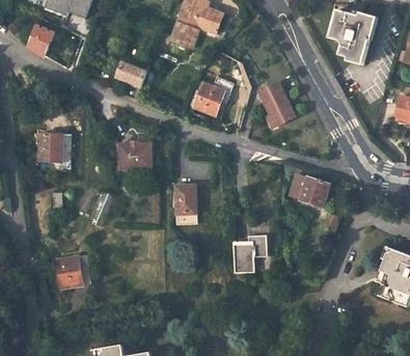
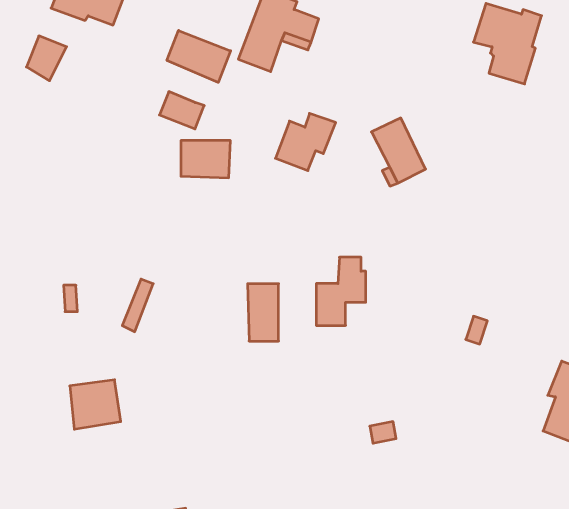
building: none -> [167,30,231,82]
building: [37,133,70,162] -> none
building: [119,145,153,170] -> [181,141,230,178]
building: [299,177,328,208] -> none
building: [234,226,267,272] -> [316,257,366,325]

